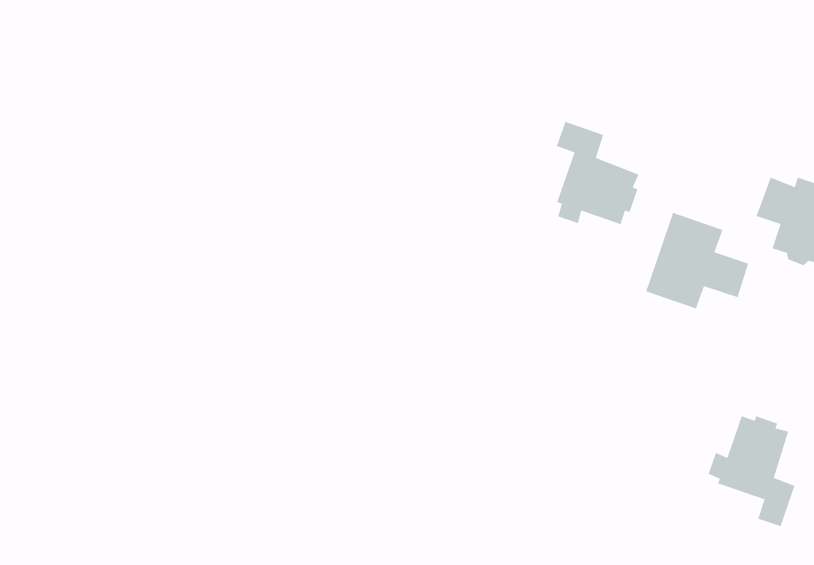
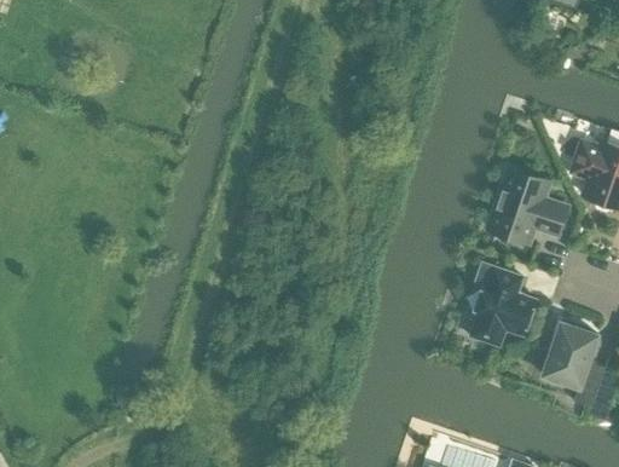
building: [556,121,640,225] -> none
building: none -> [472,263,537,345]

